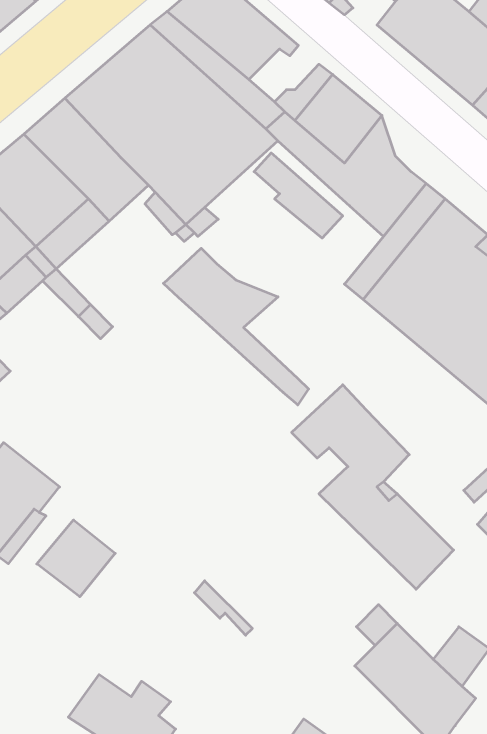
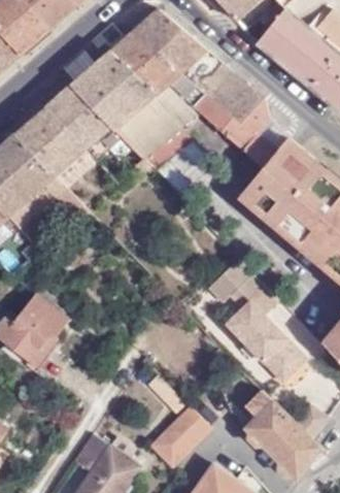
building: [163,248,309,405] -> none
building: [37,520,115,597] -> none
building: none -> [149,404,210,465]

